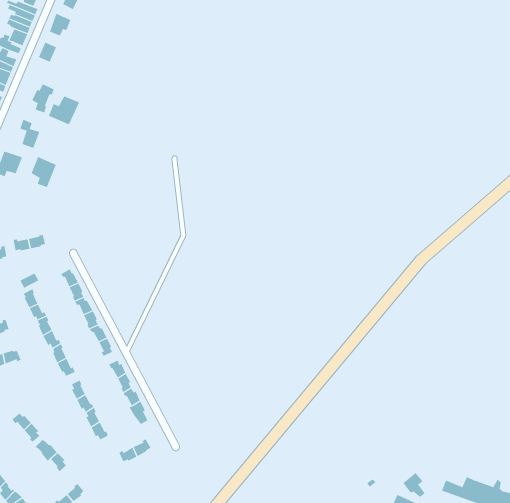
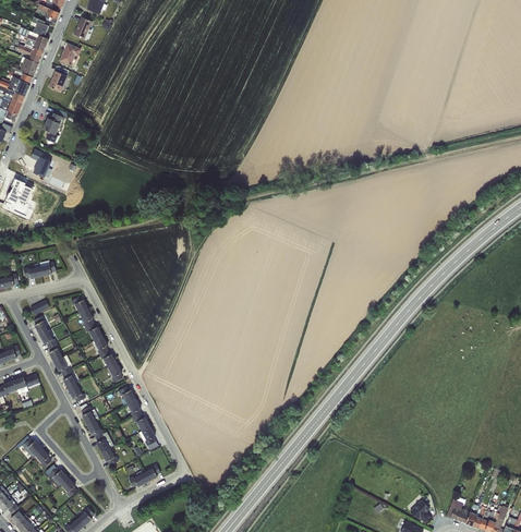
building: [48,96,80,125] -> none
building: [31,156,57,188] -> none

